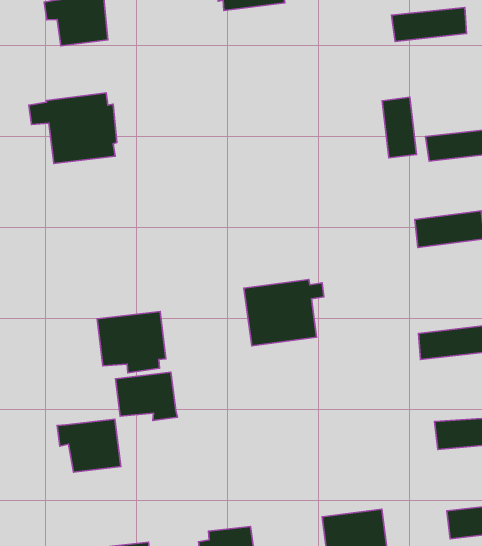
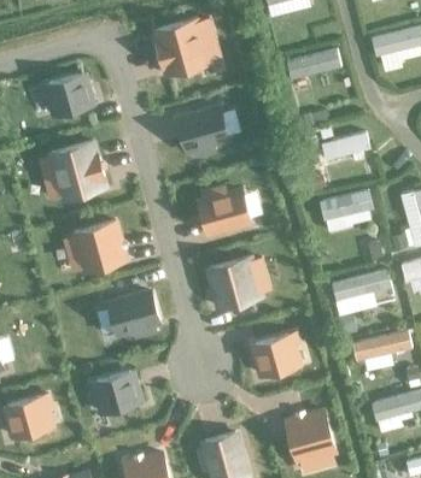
building: none -> [176,107,228,154]
building: [382,97,416,158] -> none
building: none -> [200,187,253,235]
building: none -> [65,219,128,271]
building: [116,372,177,420] -> none
building: none -> [255,331,299,376]

